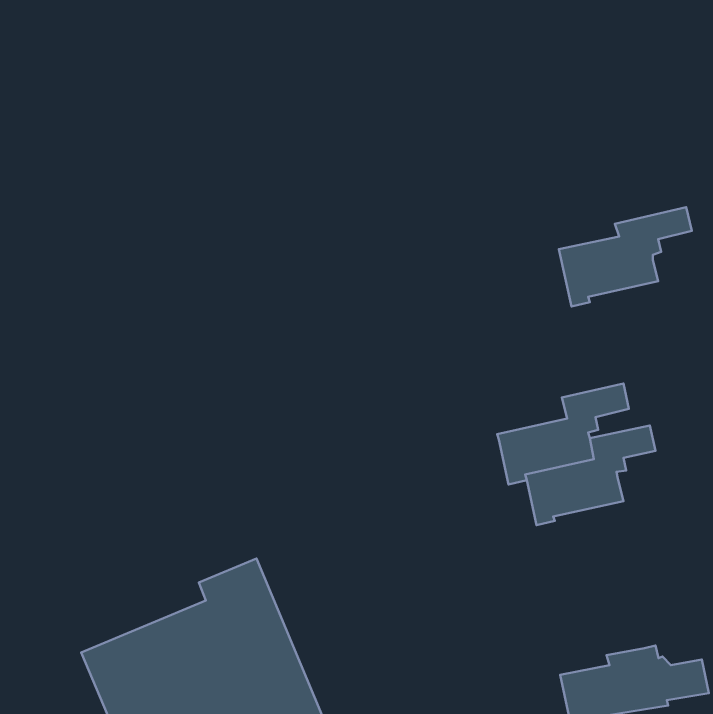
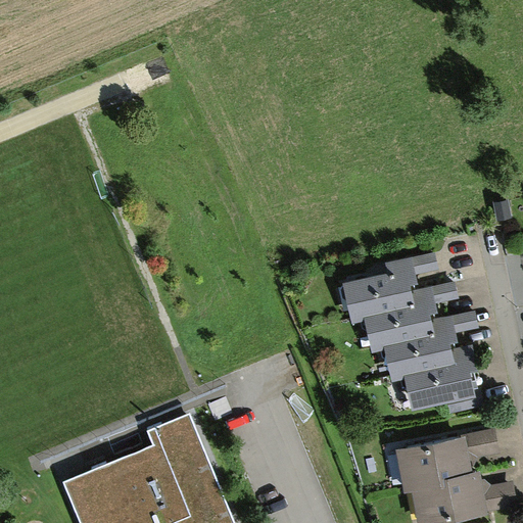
building: [559,207,692,306] -> [341,252,438,325]
building: none -> [403,346,481,414]
building: none -> [394,428,500,494]

